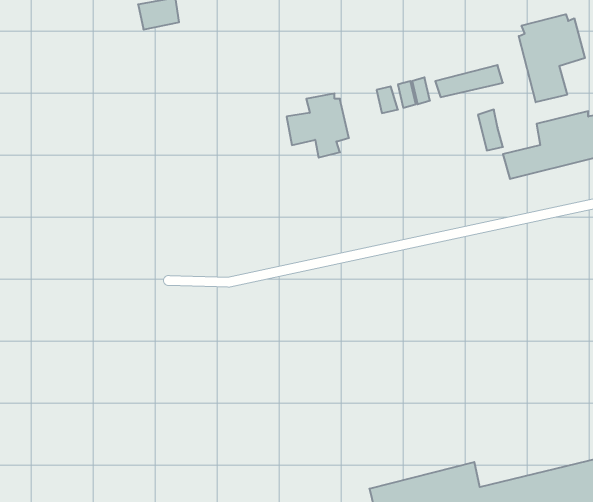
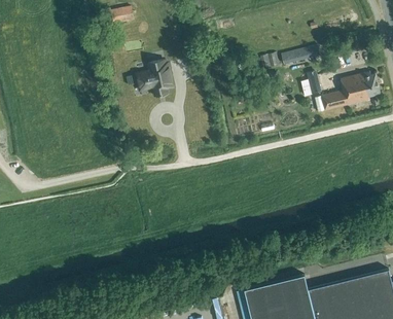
building: [519,14,585,102] -> none
building: [287,93,349,158] -> [137,61,173,98]

